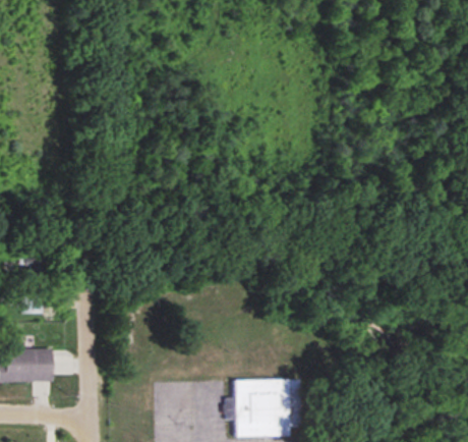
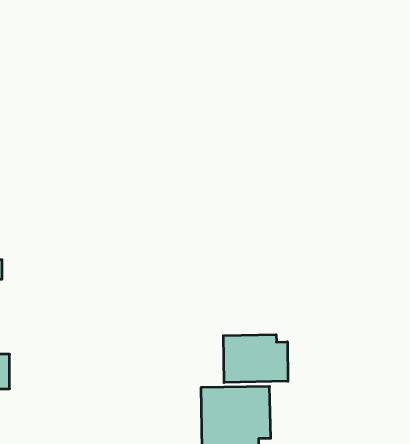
building: none -> [223,335,288,383]

